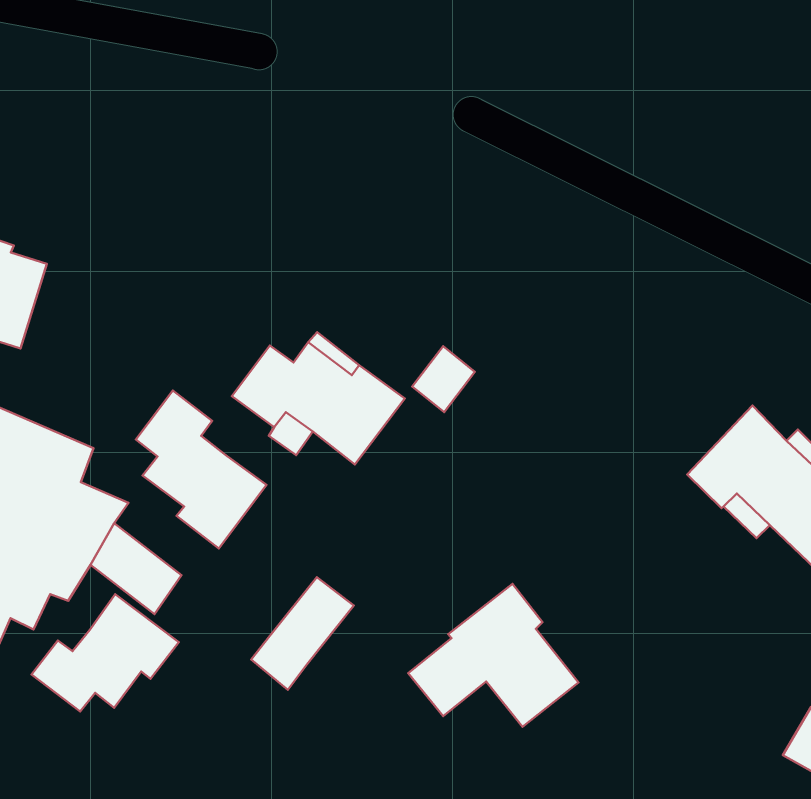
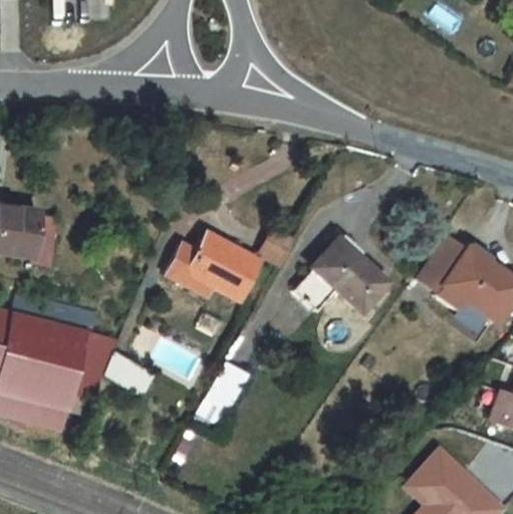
building: [136,390,267,549] -> none
building: [408,584,578,727] -> [294,235,386,311]
building: [31,594,179,711] -> none

